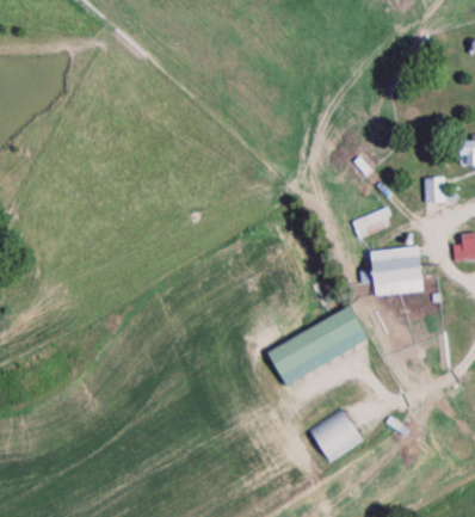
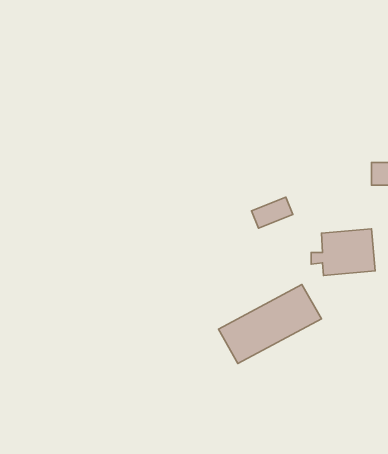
building: [347,208,390,240] -> [252,197,293,228]
building: [310,405,363,458] -> none

